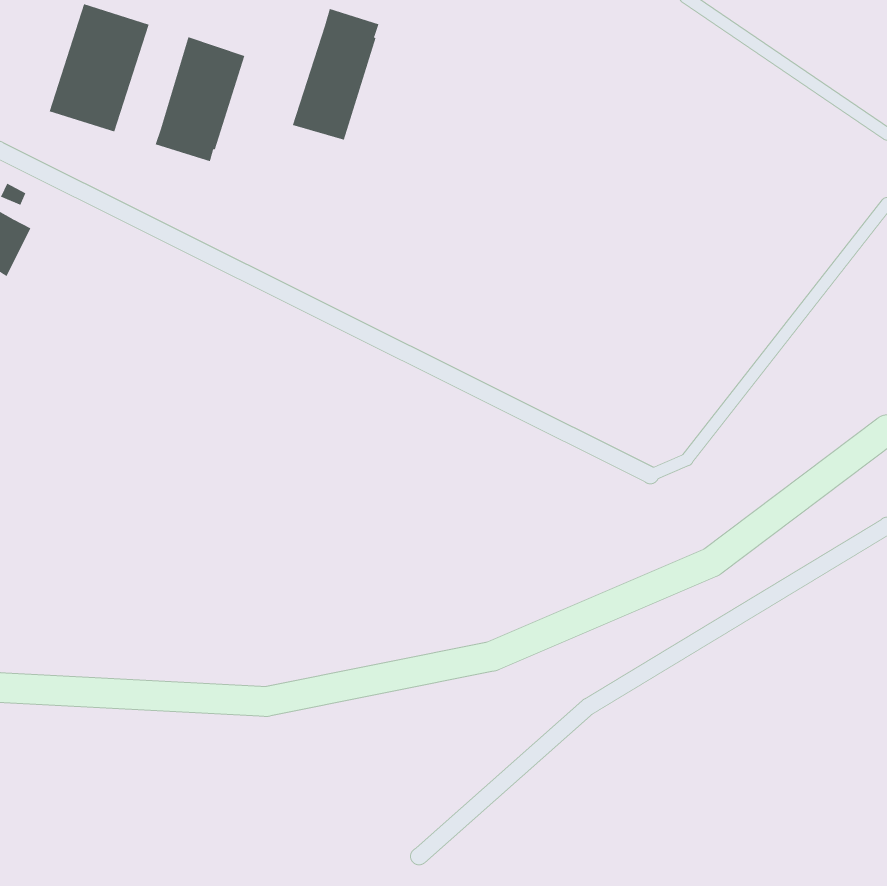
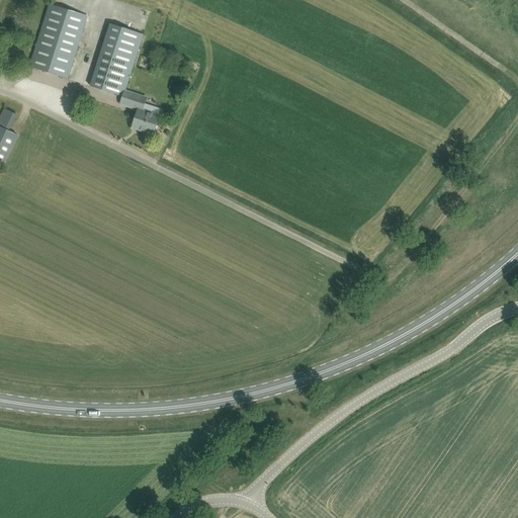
building: [292,8,379,140] -> none
building: none -> [119,87,158,133]

